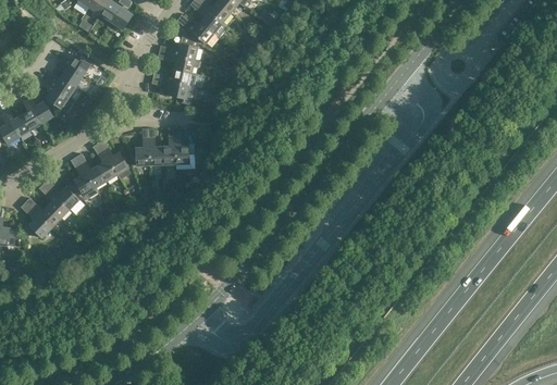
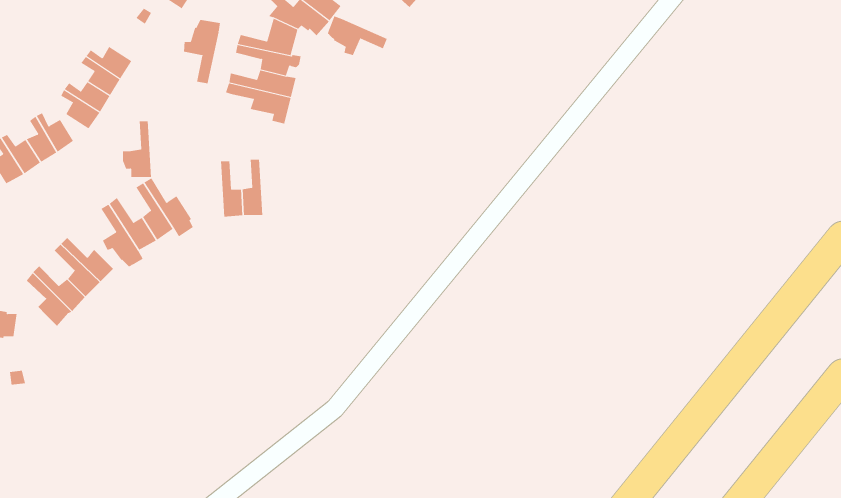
building: none -> [327,15,388,56]
building: none -> [183,19,221,84]
building: [174,128,195,171] -> none
building: [131,129,150,166] -> [122,121,152,177]

